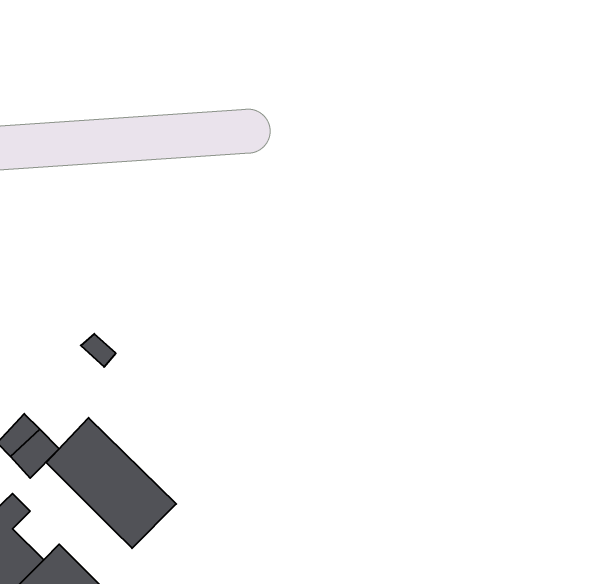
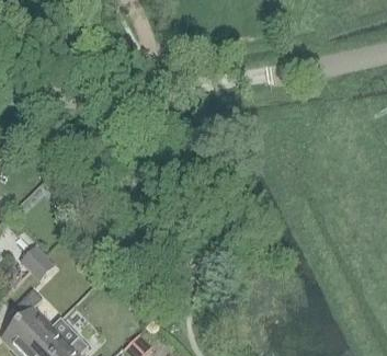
building: [46,418,176,548] -> none

